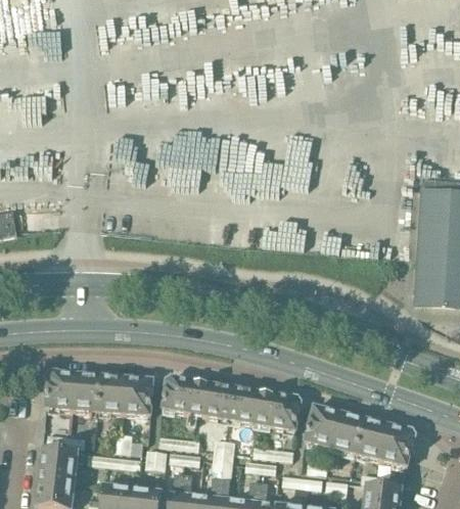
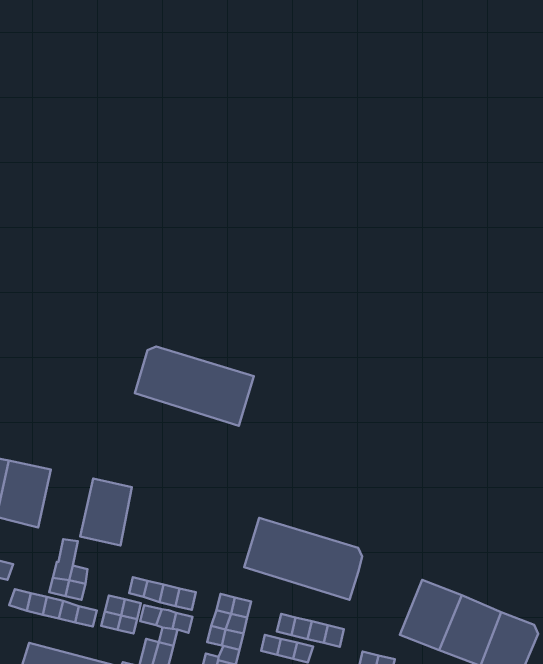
building: [98,377,128,416] -> none
building: [162,379,233,421] -> [135,346,254,426]
building: [304,408,338,450] -> none

